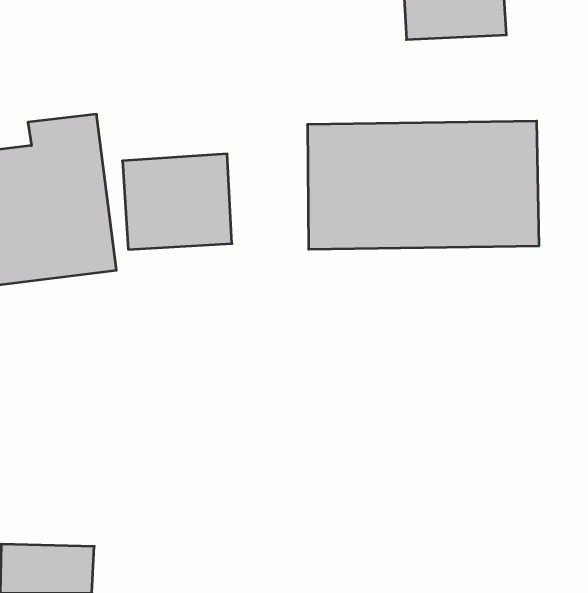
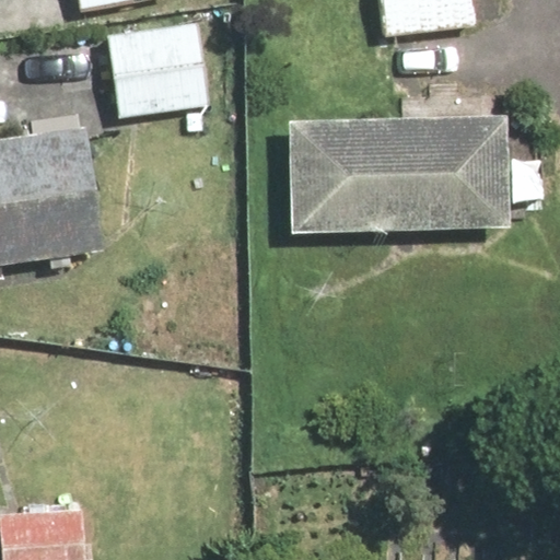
building: [122,154,232,249] -> [107,23,210,113]

